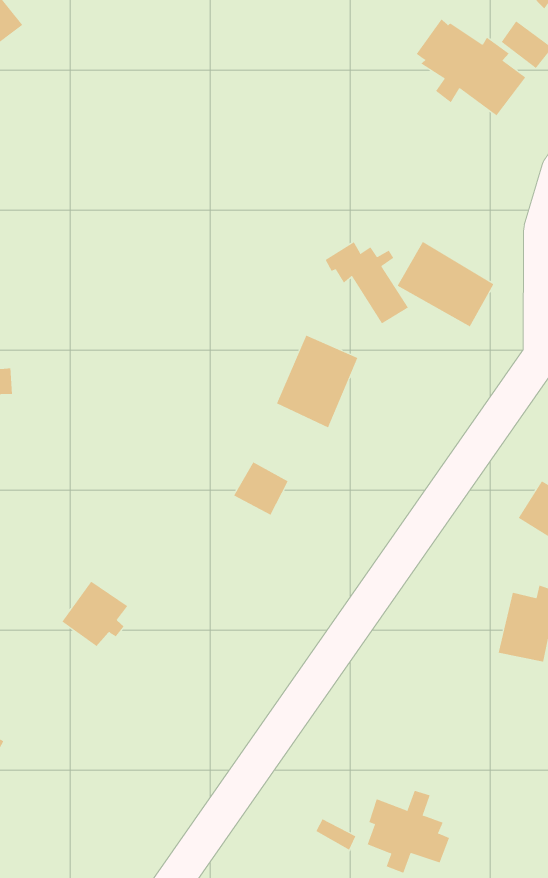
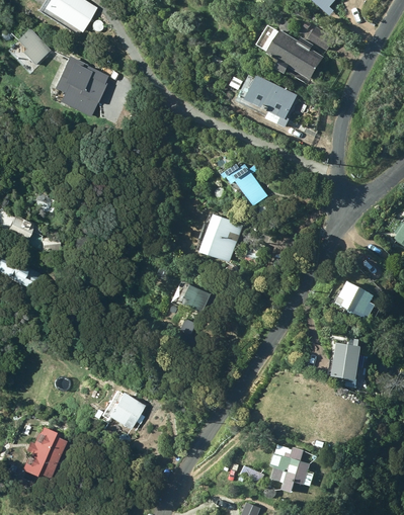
building: none -> [49,59,108,118]
building: [397,241,494,327] -> [243,75,296,119]
building: [61,581,128,647] -> [110,394,146,429]

